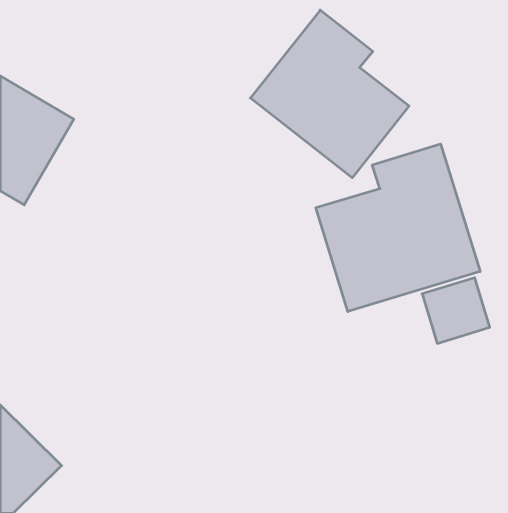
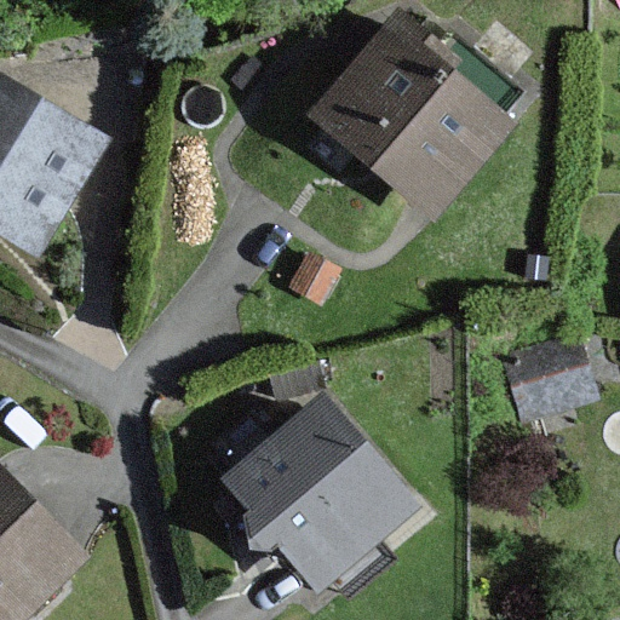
building: [316,144,480,312] -> none
building: none -> [225,403,412,592]

